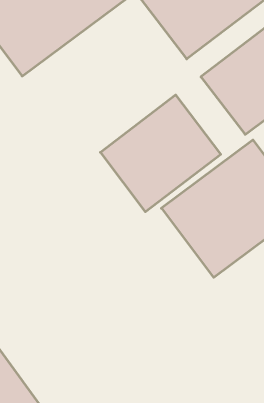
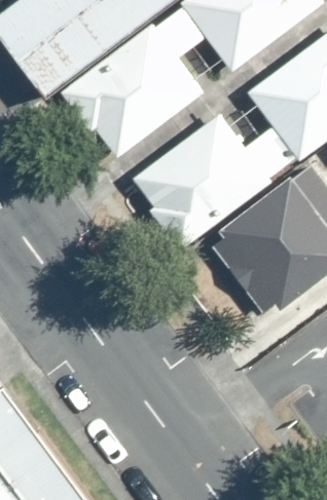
building: none -> [66,24,205,158]

